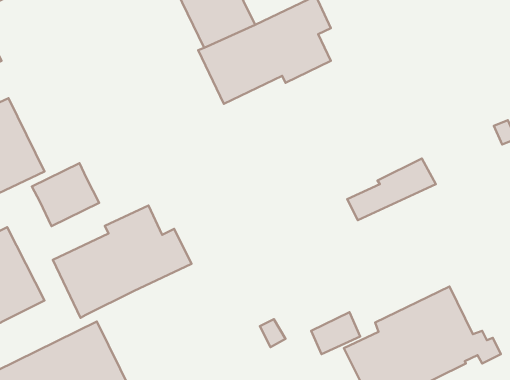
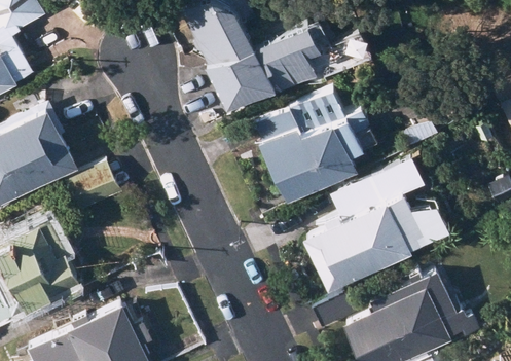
building: none -> [253,91,375,207]
building: none -> [300,195,445,295]
building: [53,206,191,318] -> none

